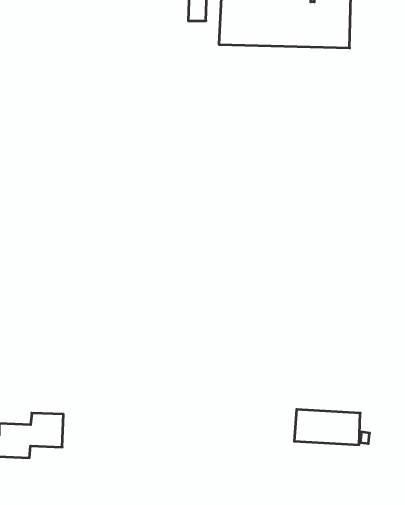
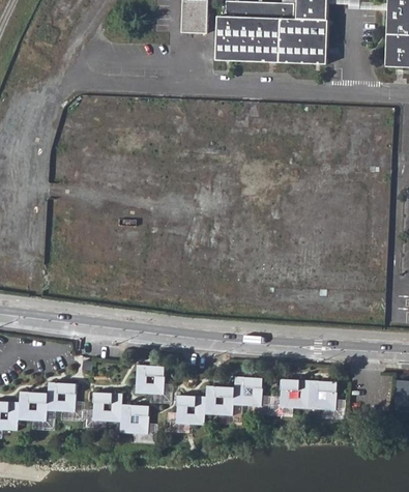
building: none -> [134,365,164,395]
building: none -> [175,377,261,426]
building: none -> [91,393,148,434]

